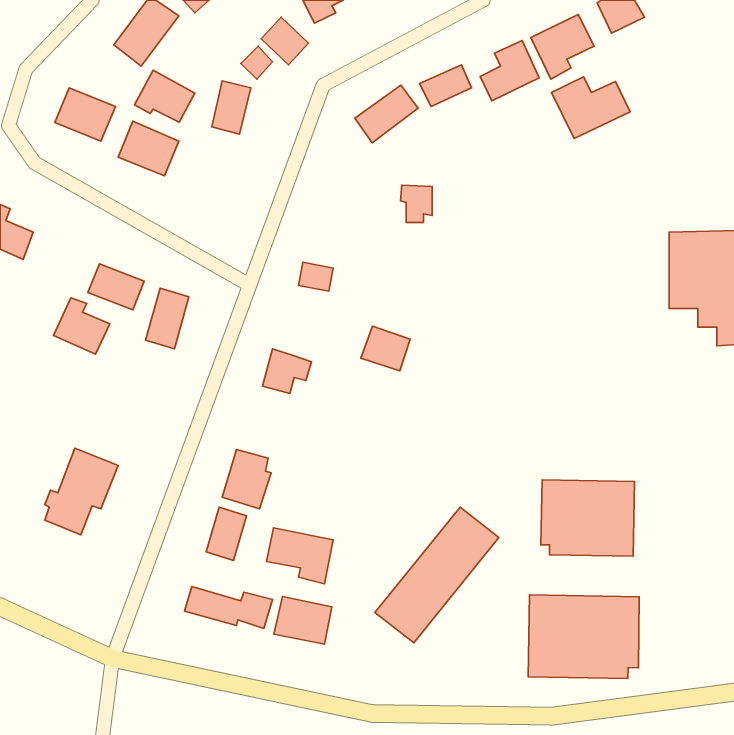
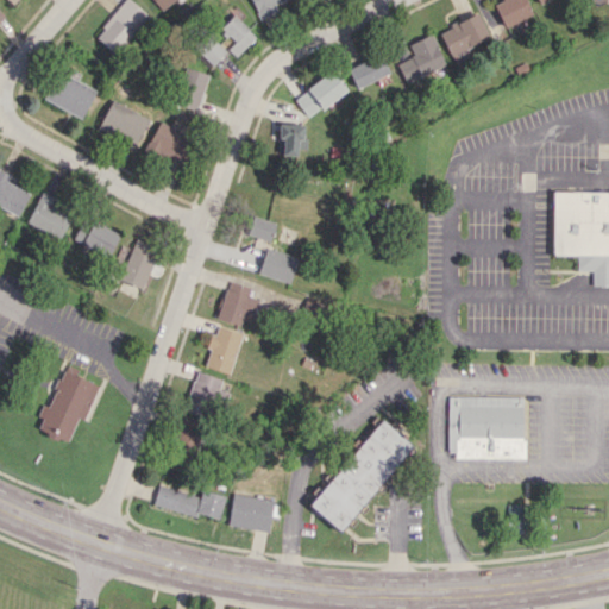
building: [134,70,195,122] -> [146,121,196,164]
building: [551,77,630,138] -> none
building: [400,185,432,223] -> [280,125,306,156]
building: [54,298,110,354] -> [27,193,74,239]
building: [361,326,410,371] -> [259,247,300,284]
building: none -> [207,326,244,375]
building: [266,528,333,584] -> none
building: [528,595,639,679] -> none

